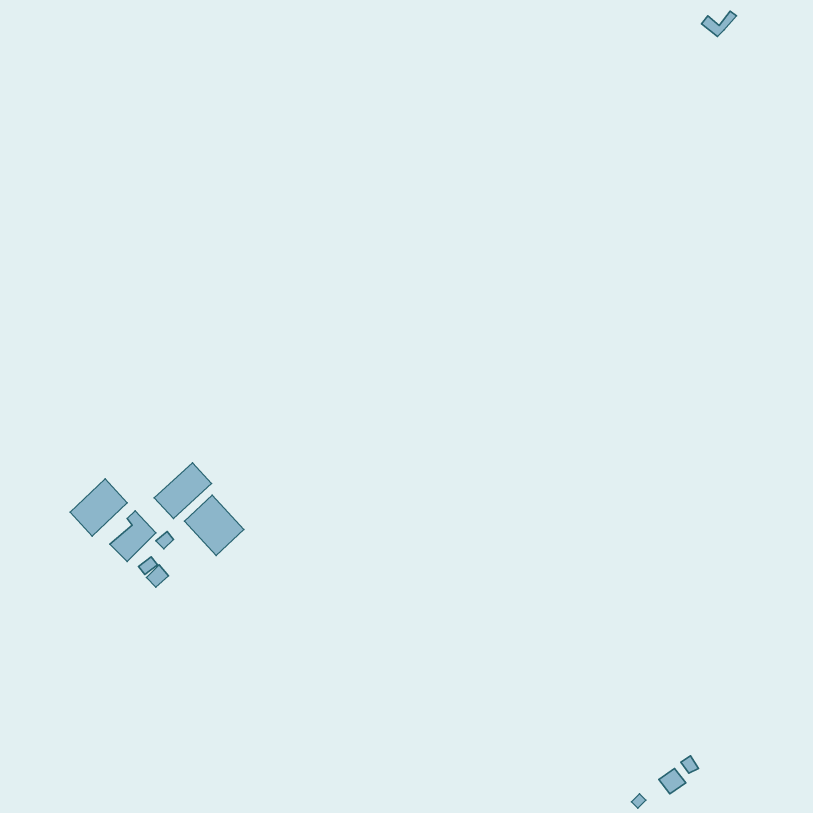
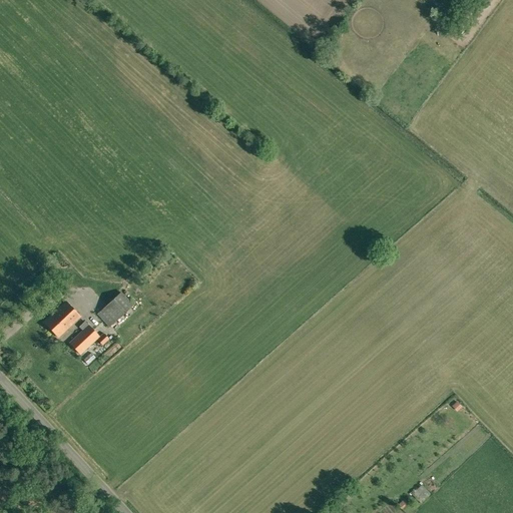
building: [185,495,244,555] -> none

